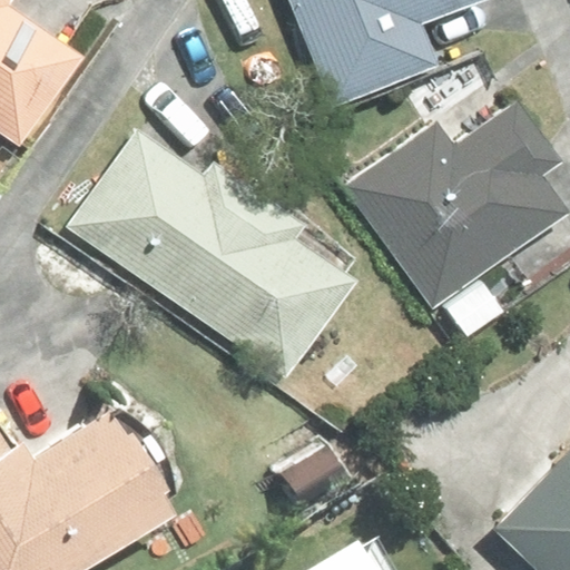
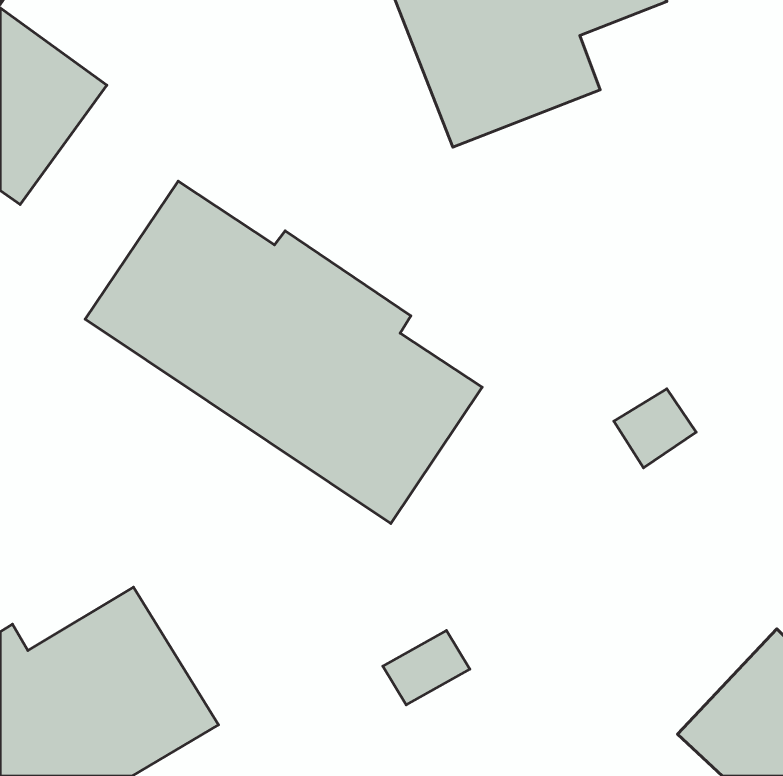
building: [348,102,564,303] -> none

